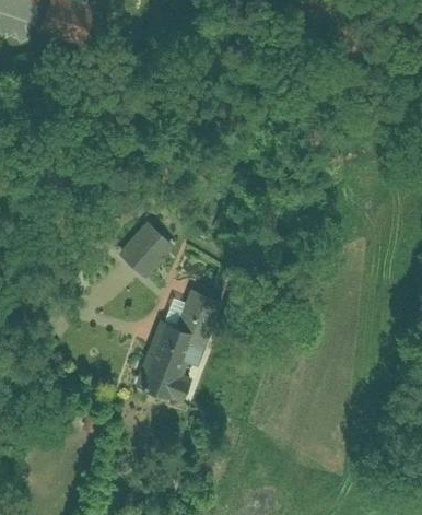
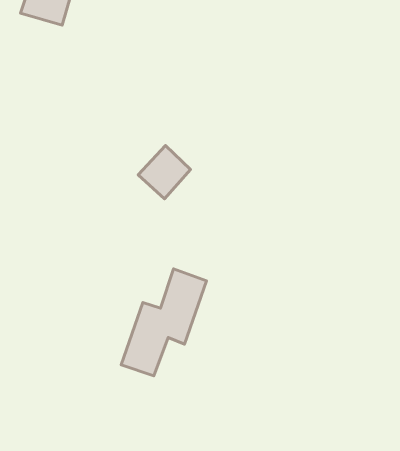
building: [118,223,171,277] -> [138,145,191,199]

